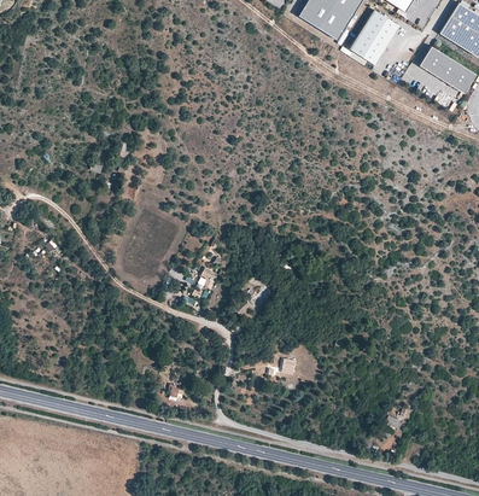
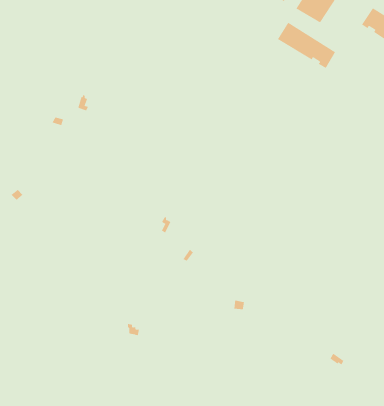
building: none -> [277,22,336,69]

